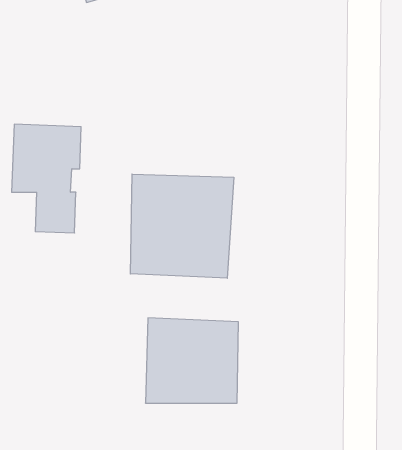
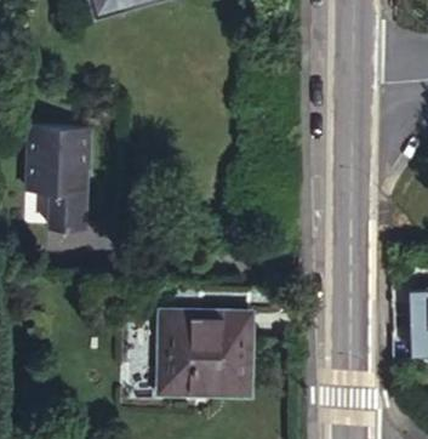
building: [130,174,234,278] -> none

